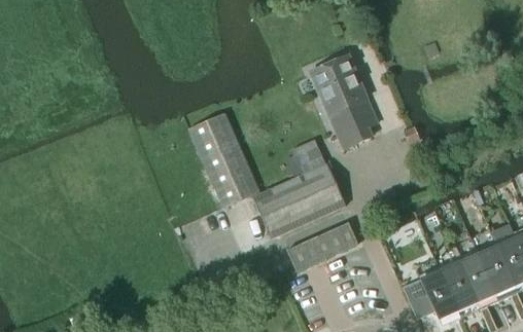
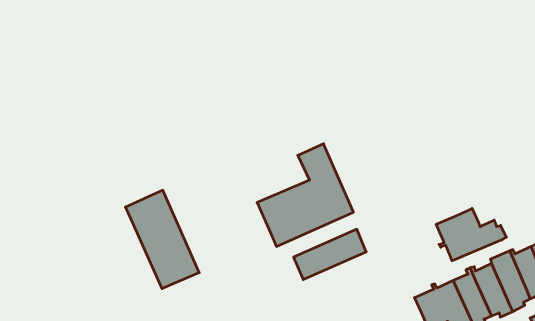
building: [314,56,381,149] -> none
building: [188,113,259,208] -> [125,190,199,289]
building: none -> [436,208,506,261]

